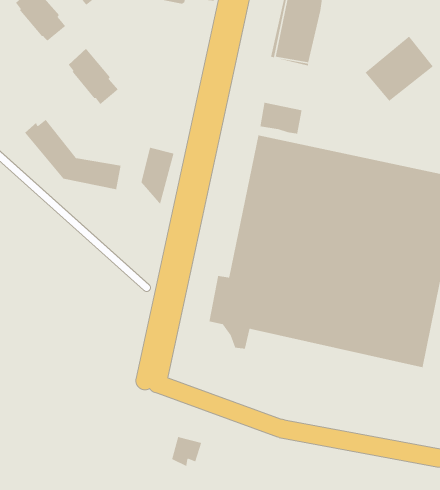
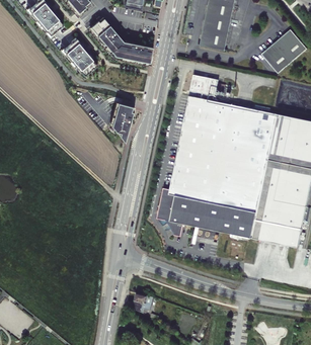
building: [24,119,121,190] -> [88,16,152,63]

